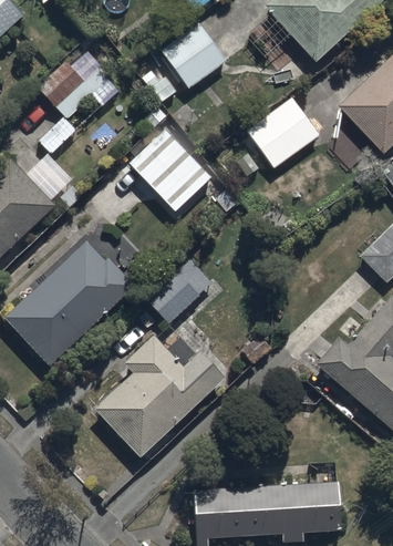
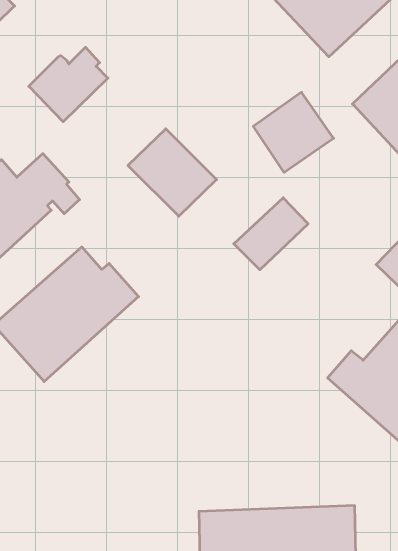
building: [151,23,227,90] -> none
building: [142,259,211,327] -> [234,198,308,270]
building: [94,334,226,456] -> none

